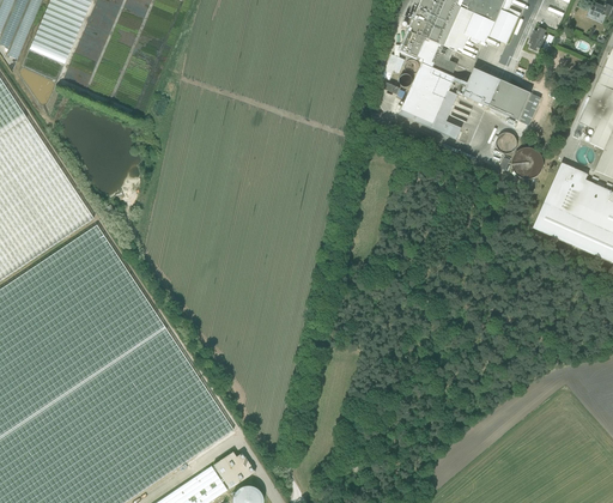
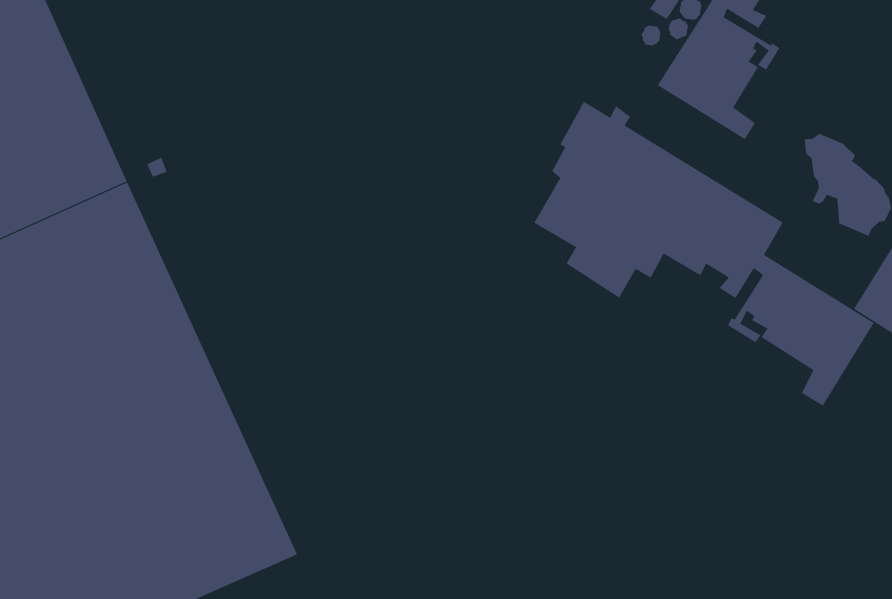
building: [461,67,529,120] -> none
building: none -> [534,101,875,407]

